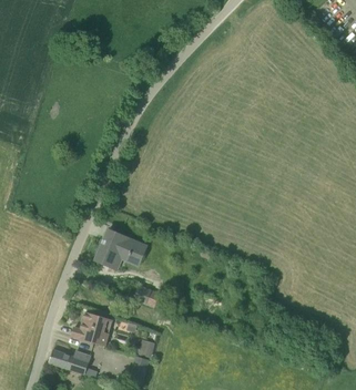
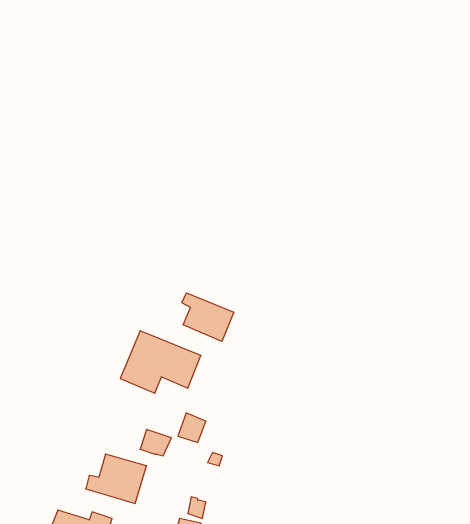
building: none -> [182,293,234,341]

